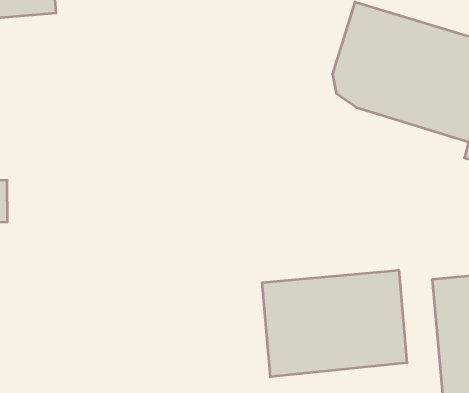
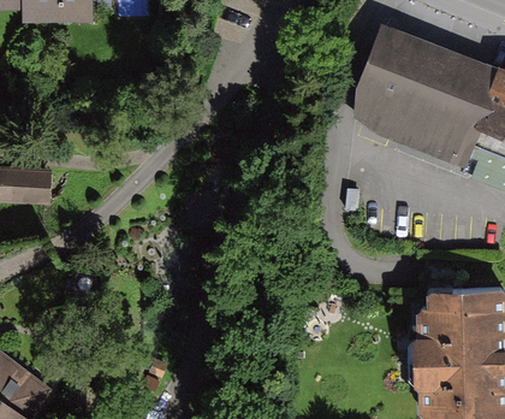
building: [262,270,407,377] -> none

